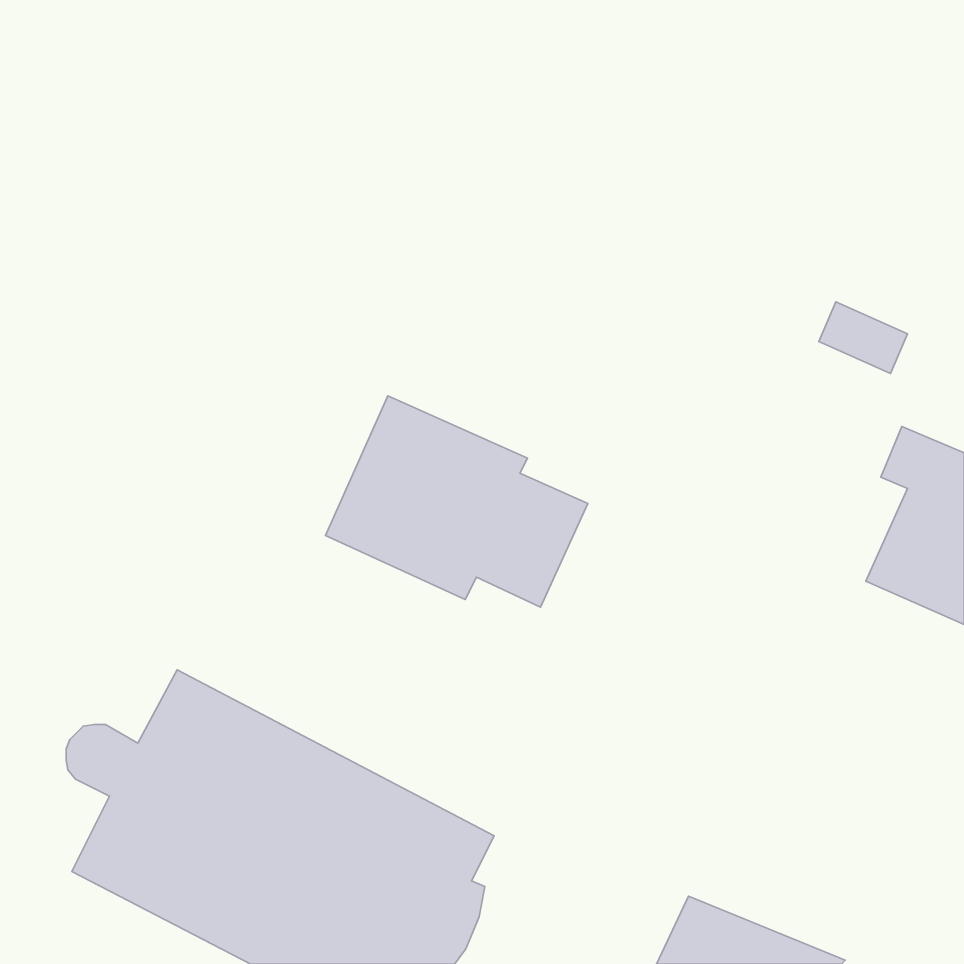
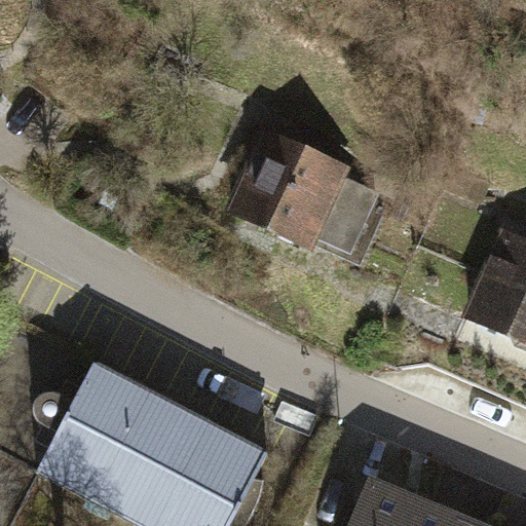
building: [325,396,588,607] -> [234,137,377,252]

